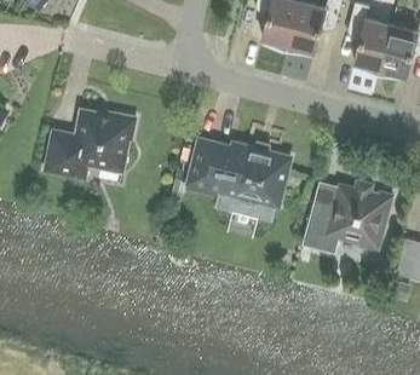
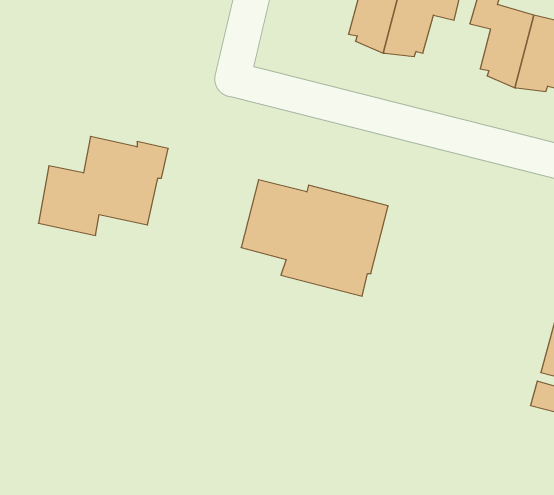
building: [301,183,392,253] -> none

